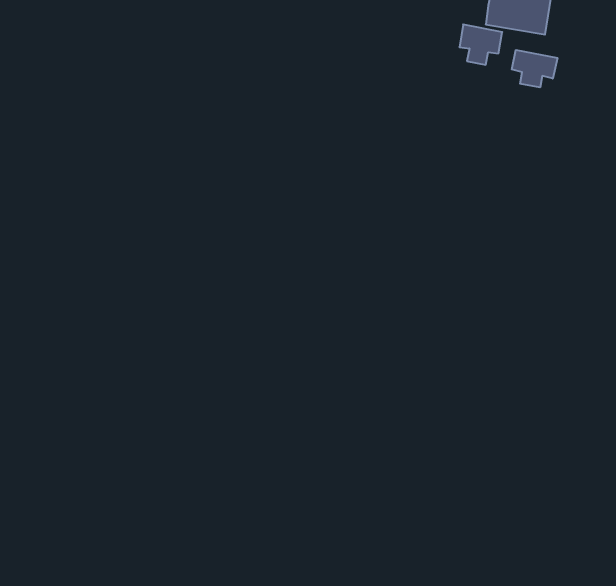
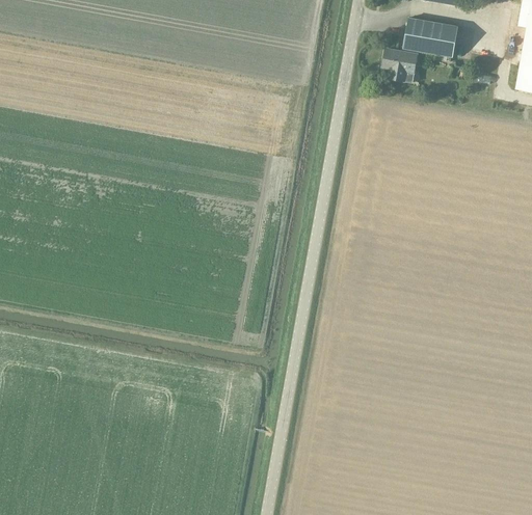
building: [512,50,557,87] -> none

